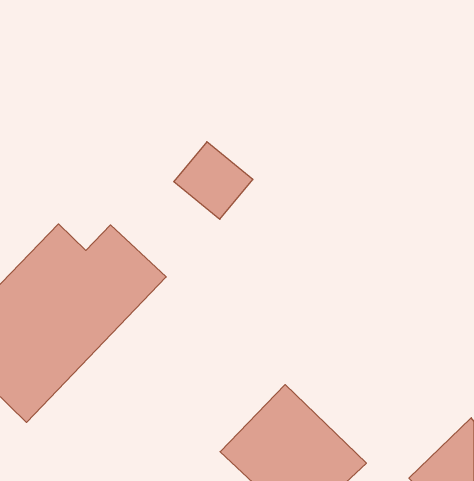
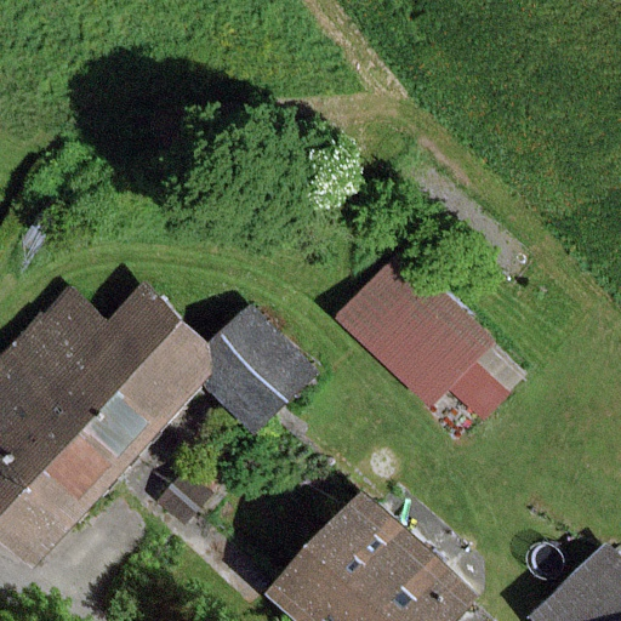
building: [174,142,253,219] -> [205,325,307,425]
building: none -> [338,253,517,427]

